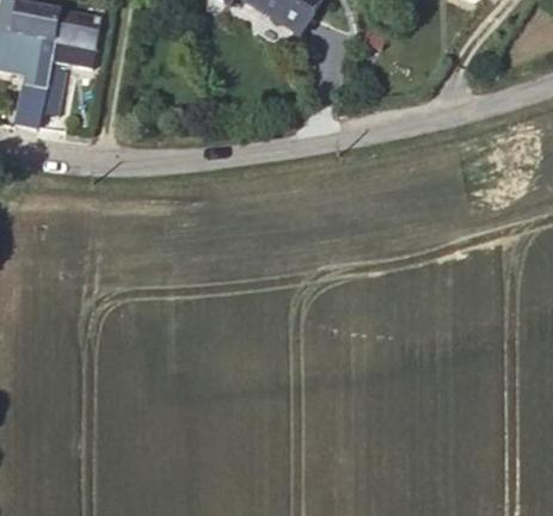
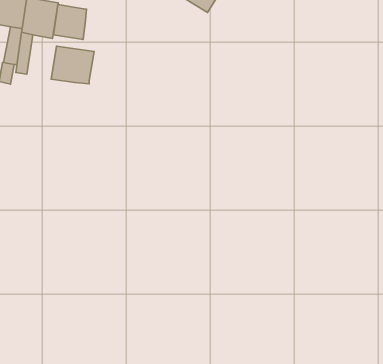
building: none -> [54,5,87,40]
building: none -> [51,46,94,84]

